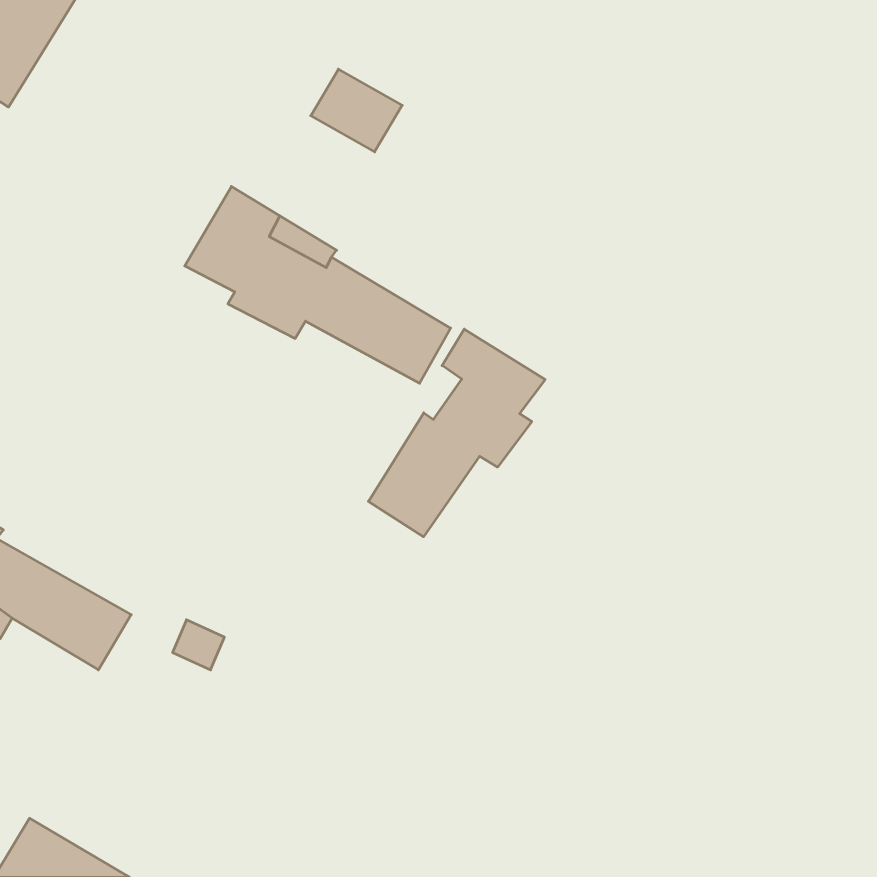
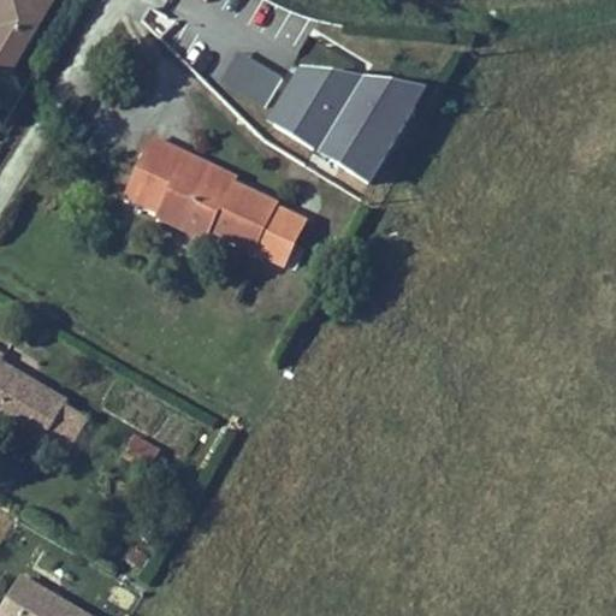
building: none -> [262,65,425,183]
building: [368,329,545,537] -> none

